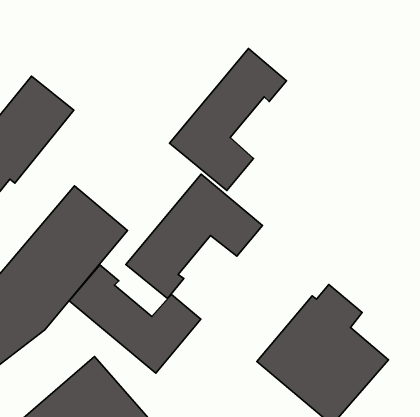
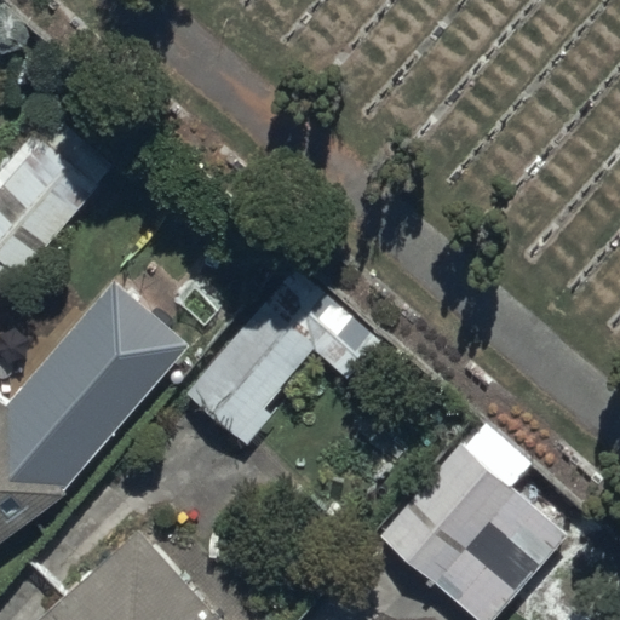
building: [170,48,286,191] -> none
building: [69,265,201,373] -> none

